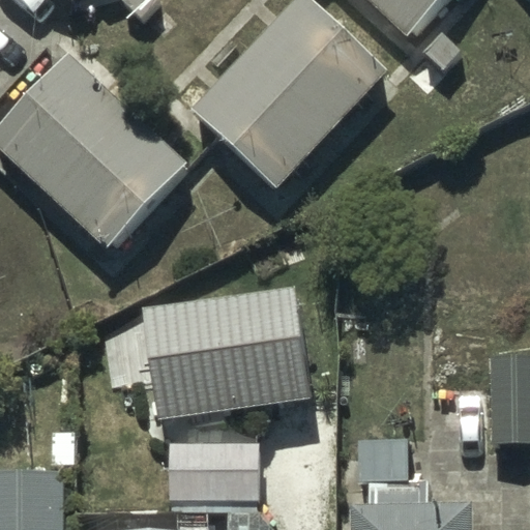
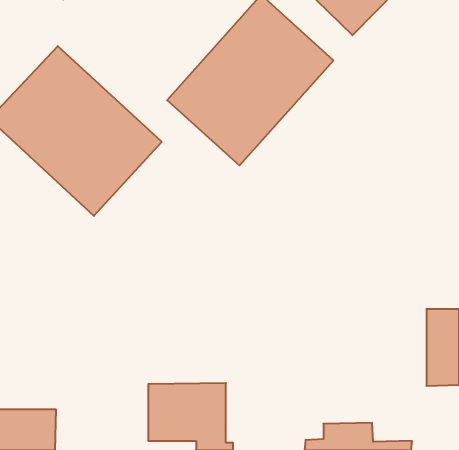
building: [143,292,308,421] -> none

